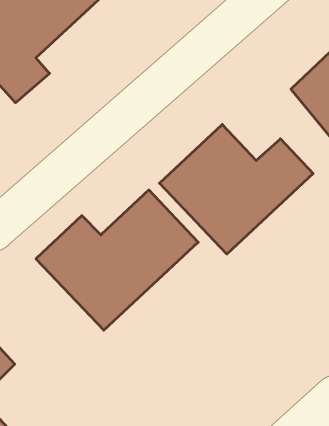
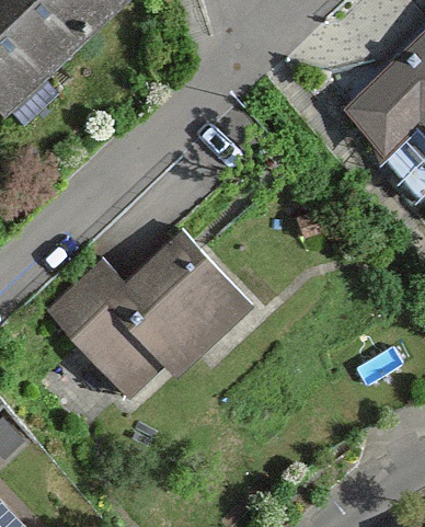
building: [159,124,313,254] -> none

